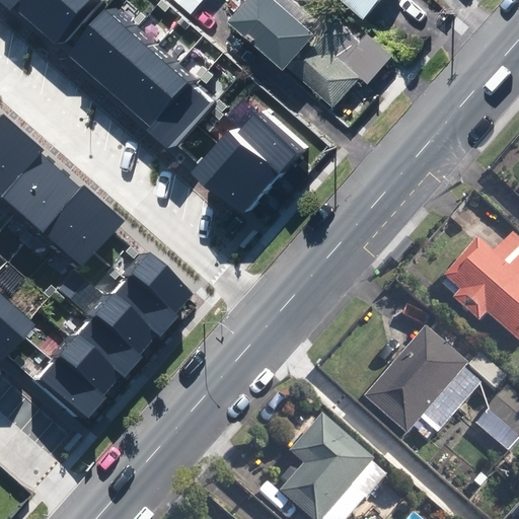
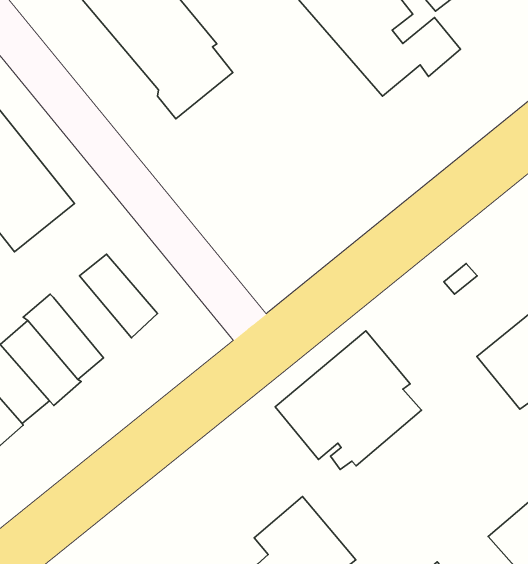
building: [198,106,303,207] -> none
building: [103,275,172,338] -> none
building: [367,330,481,442] -> [275,331,421,470]

